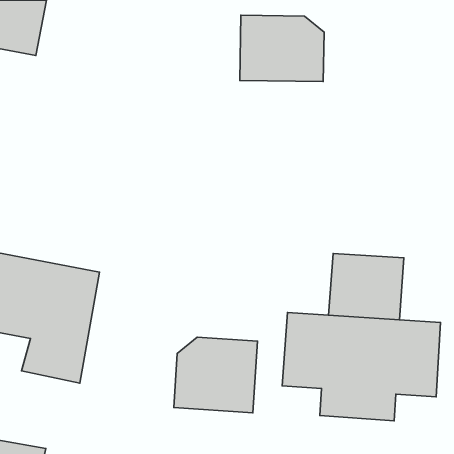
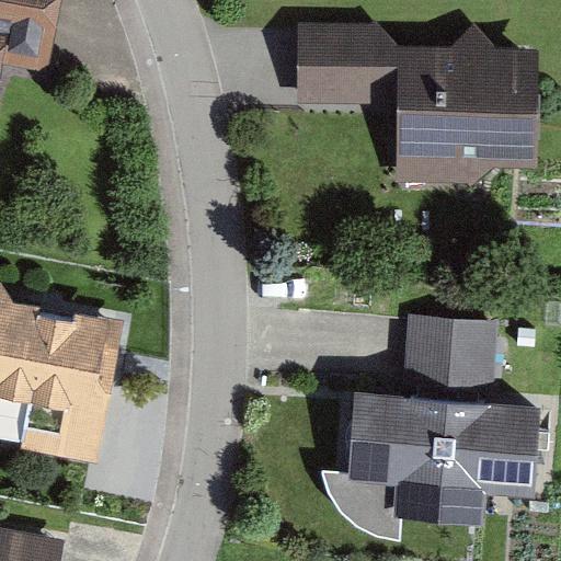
building: none -> [394,23,537,184]
building: [174,337,258,413] -> none

